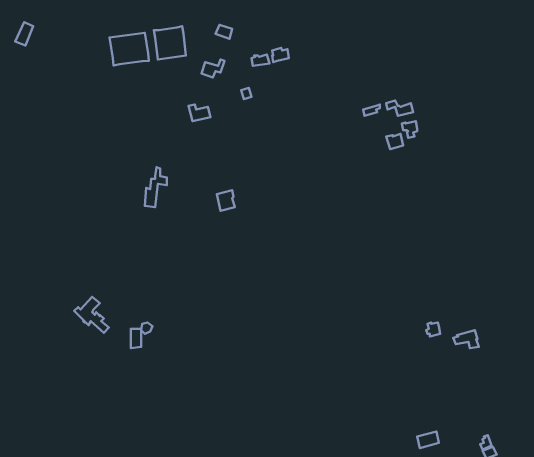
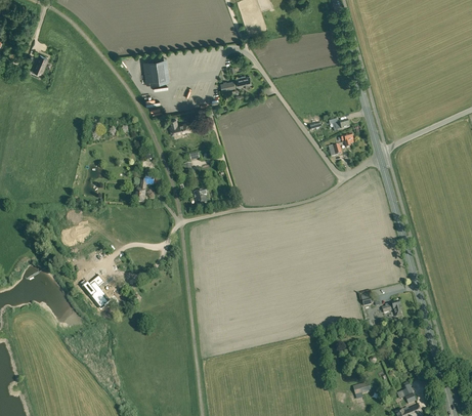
building: [109,33,149,66] -> none

